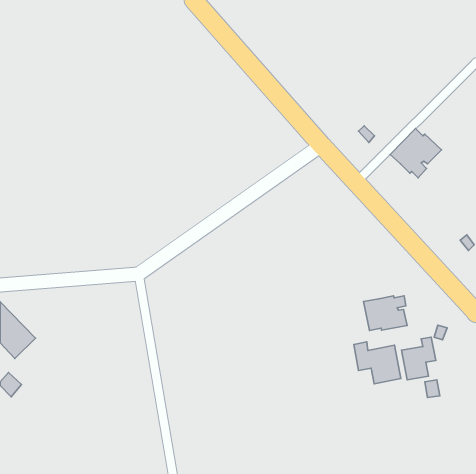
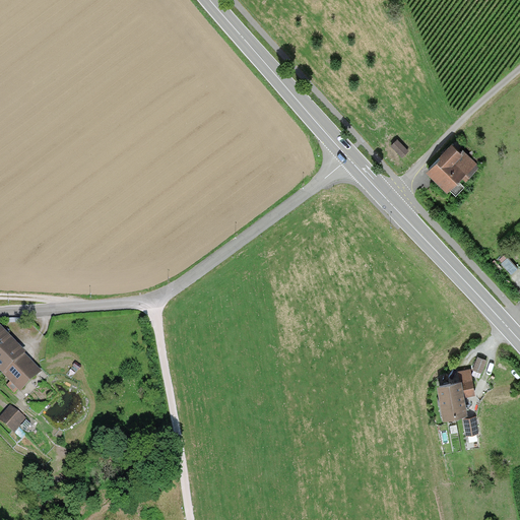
building: [364,296,407,331] -> none
building: [354,342,401,384] -> none

